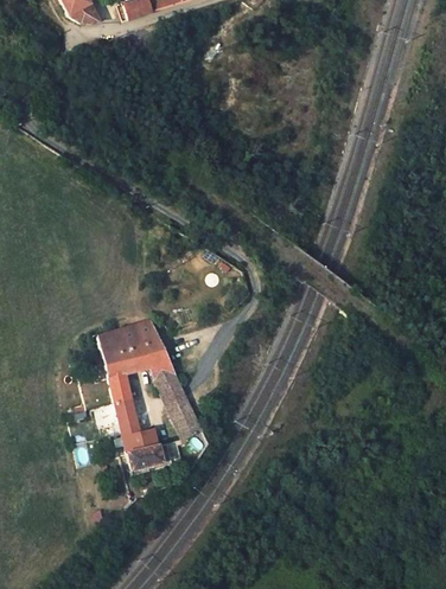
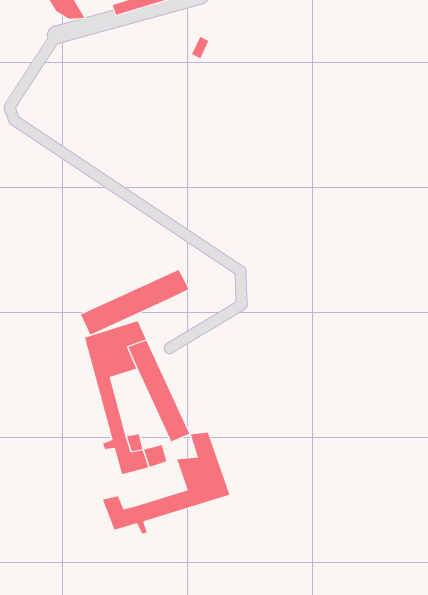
building: none -> [80,269,190,335]
building: none -> [102,432,230,534]

